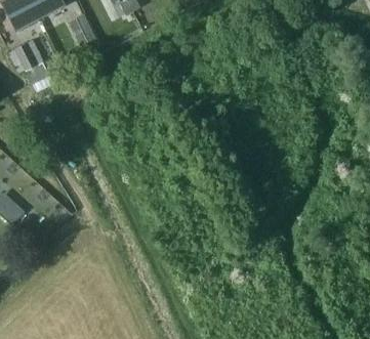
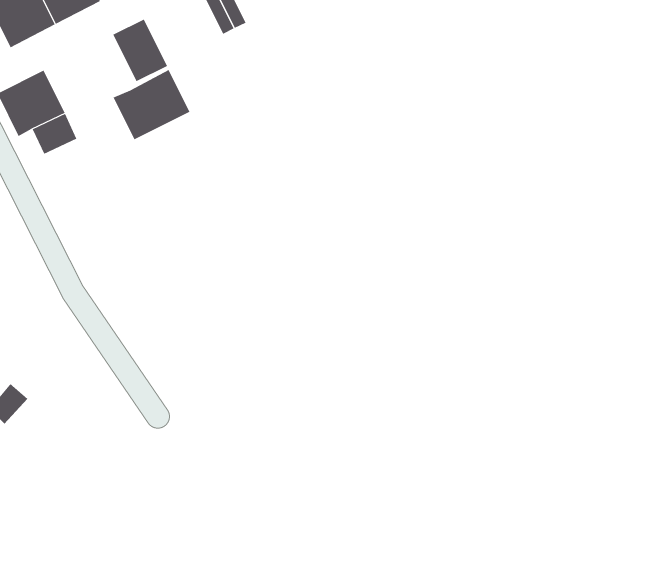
building: none -> [113,69,190,140]

